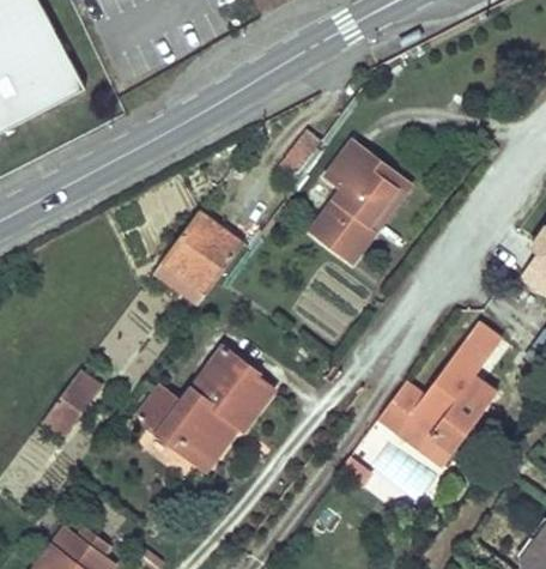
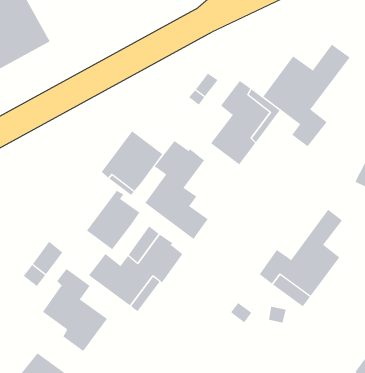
building: none -> [262,44,350,147]
building: none -> [144,140,208,240]
building: none -> [86,190,140,250]
building: none -> [42,268,108,352]

